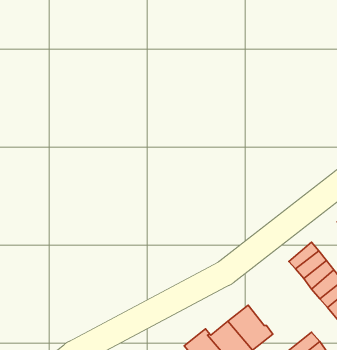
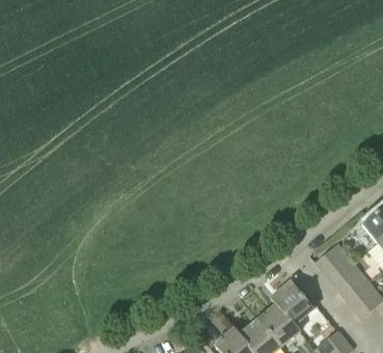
building: none -> [270,280,313,332]

